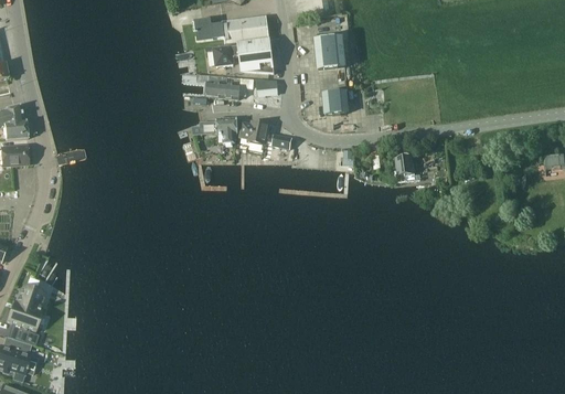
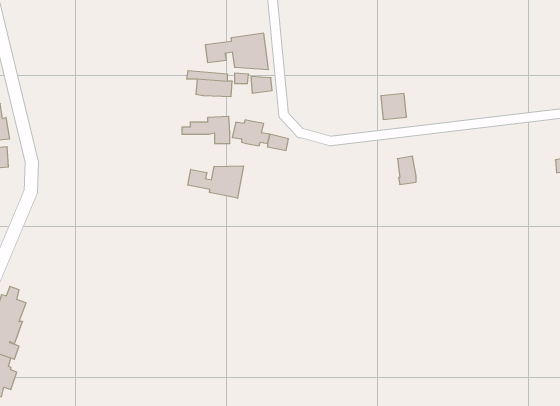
building: [196,14,268,43] -> none
building: [315,34,345,70] -> none
building: [323,88,348,113] -> [381,94,407,119]
building: none -> [188,166,244,198]

